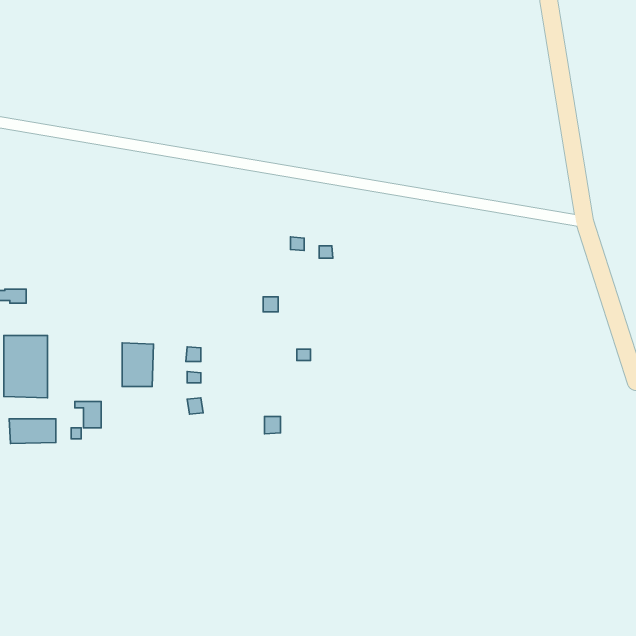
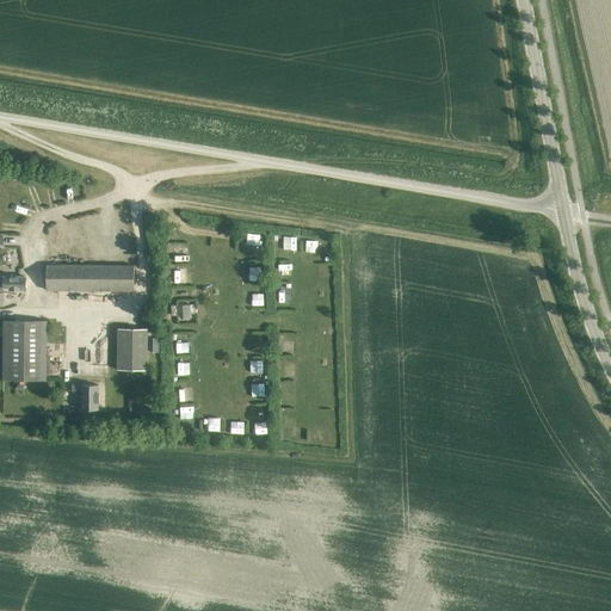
building: none -> [45,267,132,290]
building: [9,419,56,444] -> none

